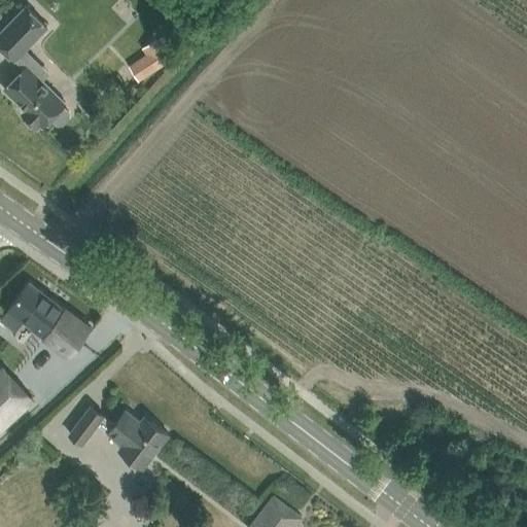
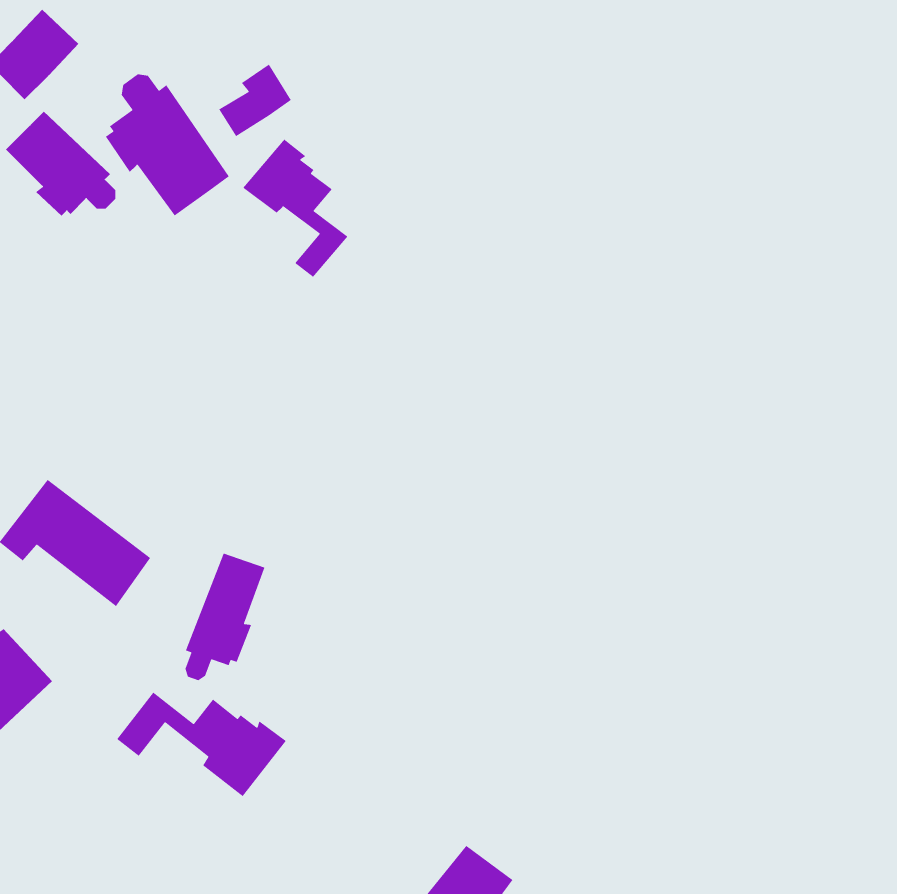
building: none -> [105,74,230,217]
building: none -> [242,138,348,278]
building: none -> [185,552,266,681]

